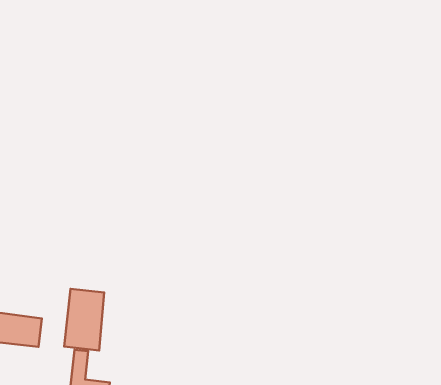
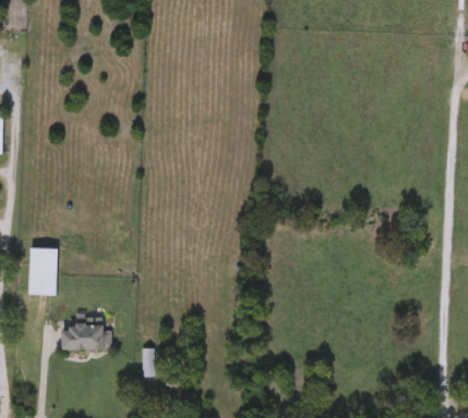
building: [64,289,104,350] -> none

